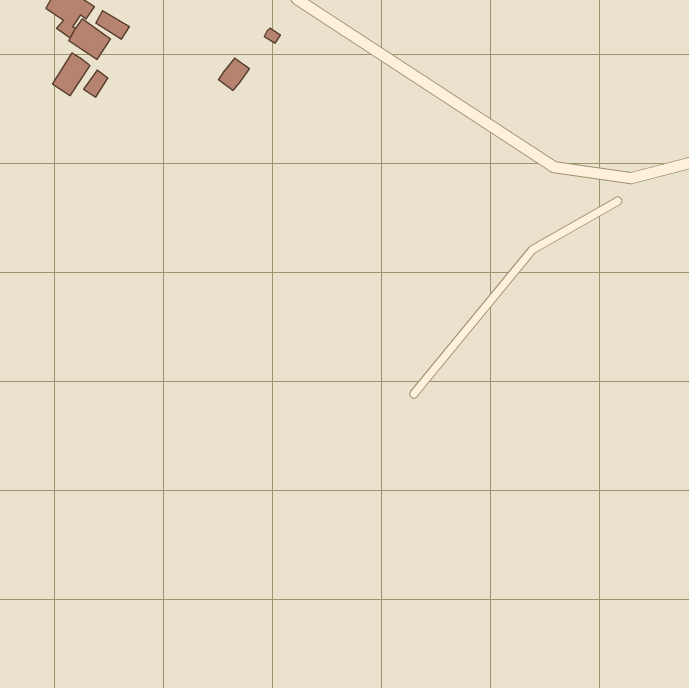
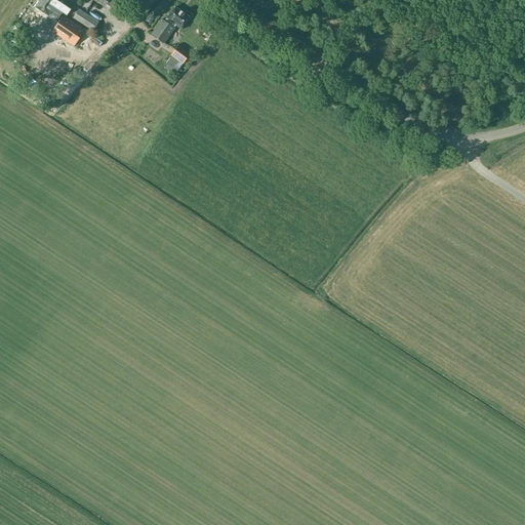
building: none -> [151,6,190,42]
building: [53,53,90,96] -> none

